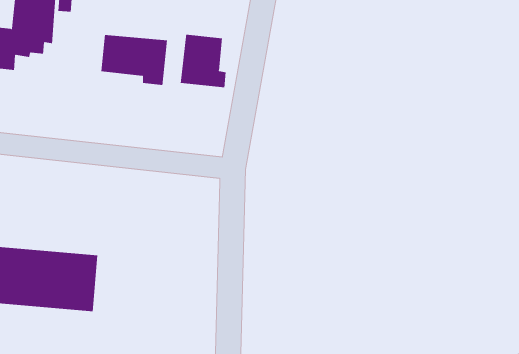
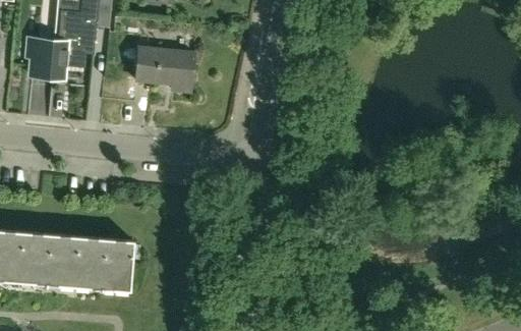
building: [180,34,226,88] -> none

